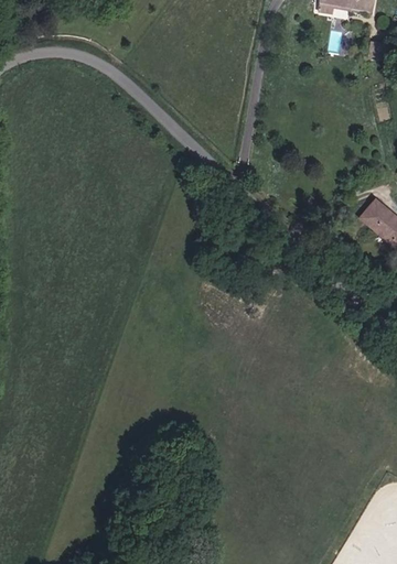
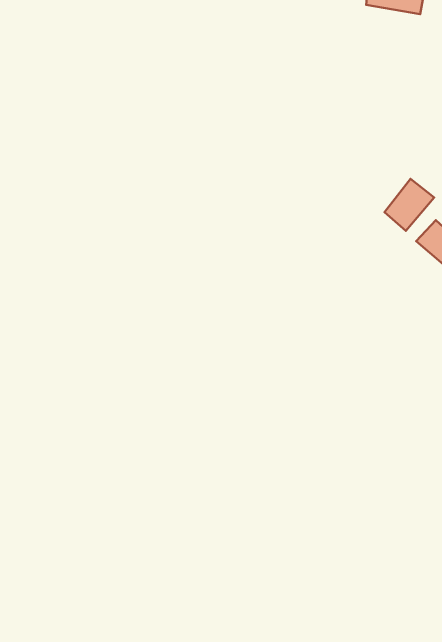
building: none -> [384,179,434,231]

